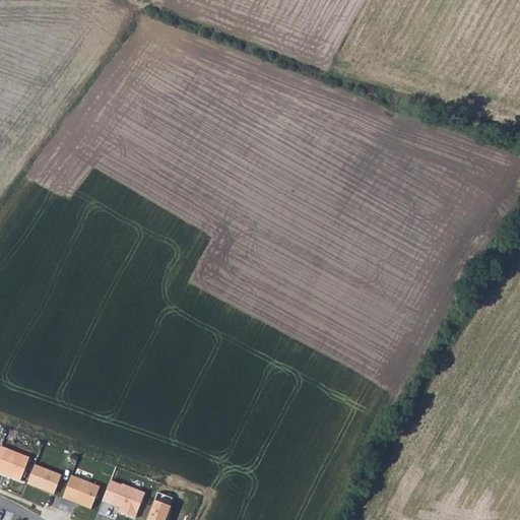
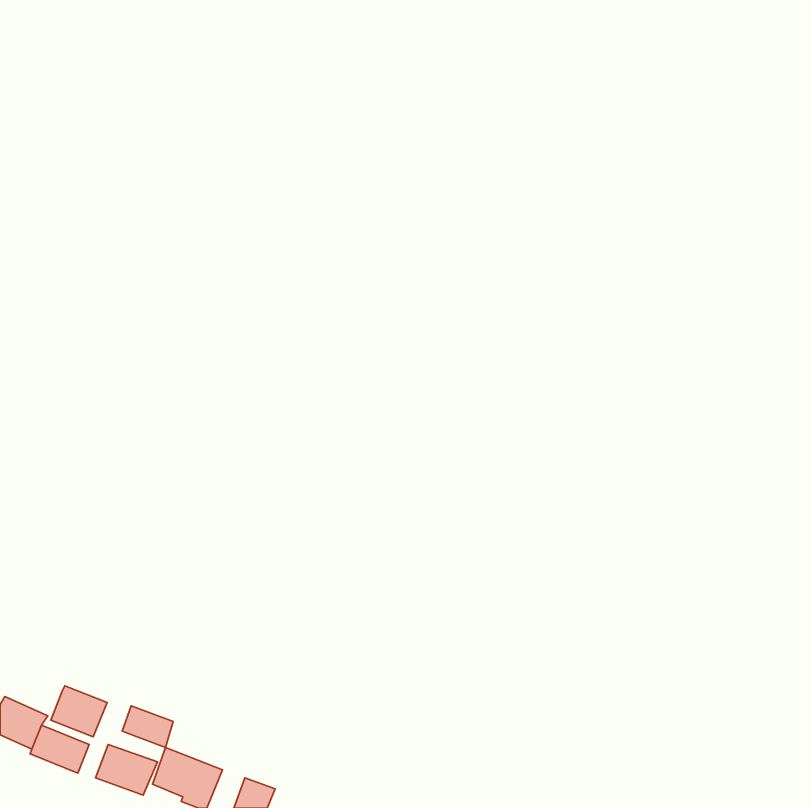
building: none -> [51,686,107,737]
building: none -> [122,706,173,748]

